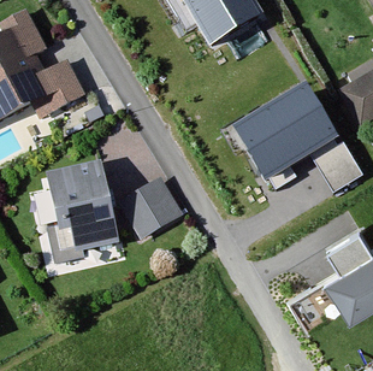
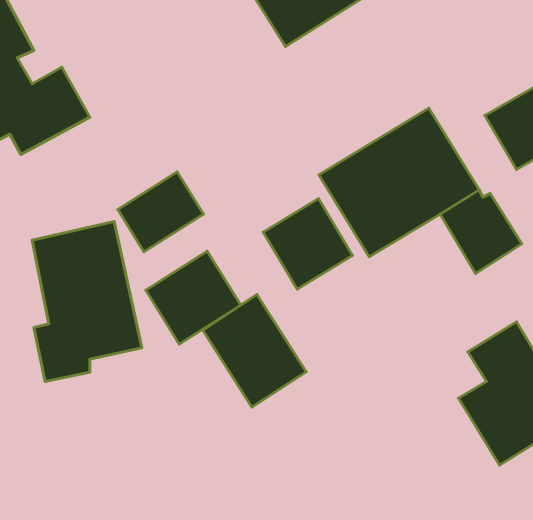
building: none -> [118,172,203,252]
building: none -> [263,199,352,289]
building: none -> [203,295,306,407]

